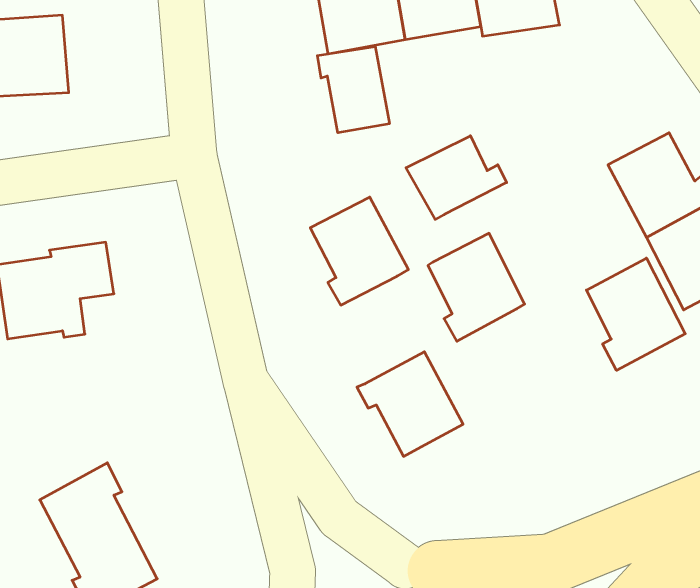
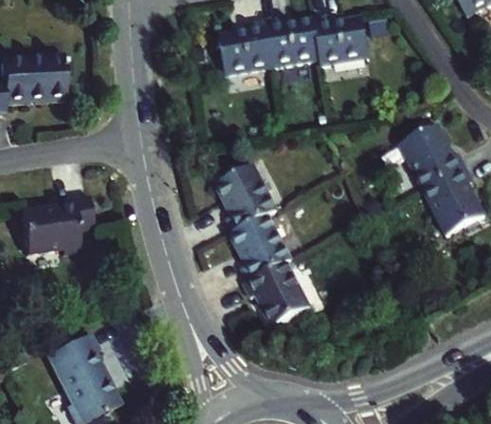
building: [317,47,389,133] -> none
building: [406,136,507,219] -> none
building: [428,233,525,341] -> [232,215,292,282]
building: [586,258,685,370] -> none

